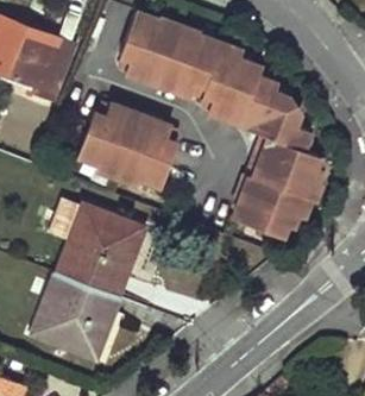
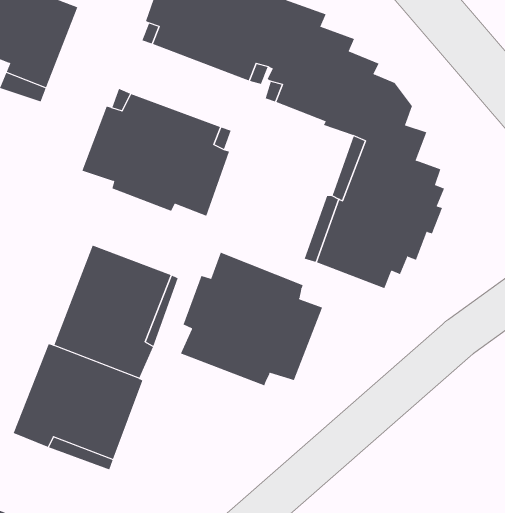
building: none -> [180,252,323,386]

